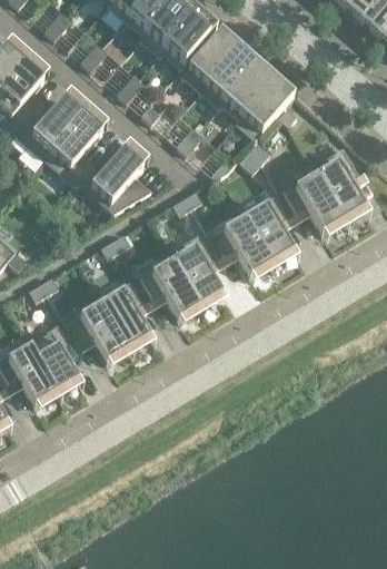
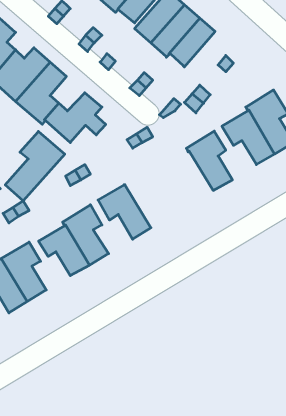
building: [236,78,295,139] -> none
building: none -> [5,131,65,201]
building: [215,217,274,276] -> none
building: [168,233,224,306] -> none

